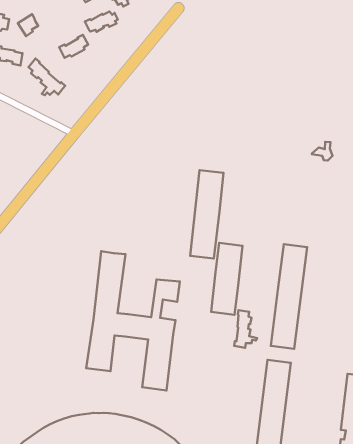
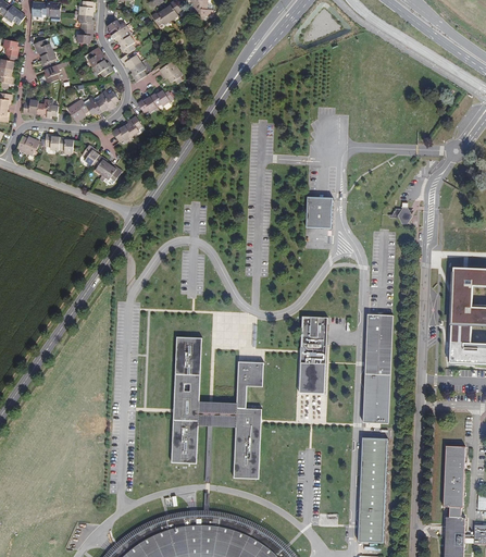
building: none -> [85,87,119,111]
building: none -> [303,199,328,231]
building: [190,170,223,258] -> none
building: [234,310,257,348] -> none

